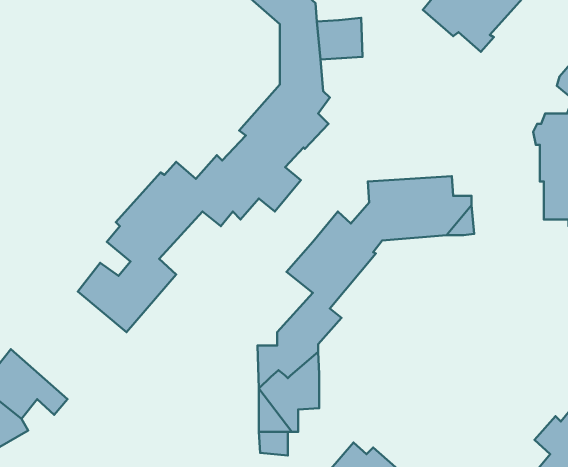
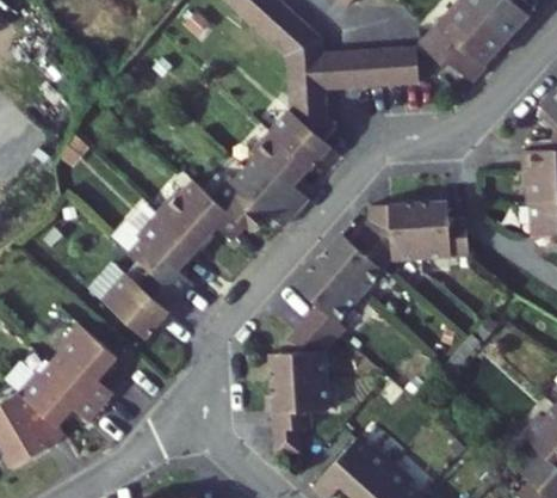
building: none -> [364,49,419,90]
building: none -> [45,316,113,401]

